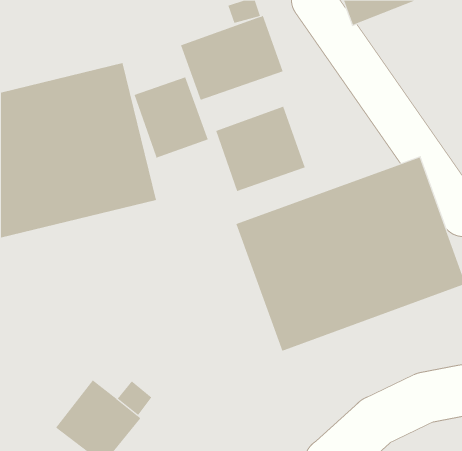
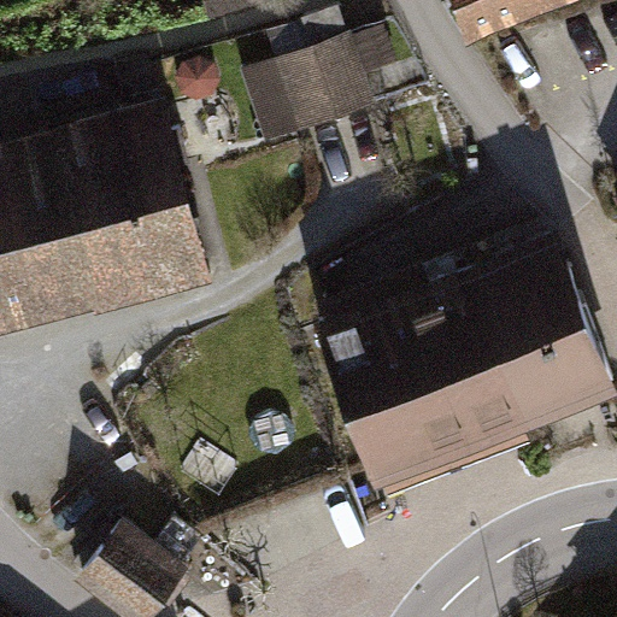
building: [134,76,209,158] -> none
building: [215,106,306,192] -> none

